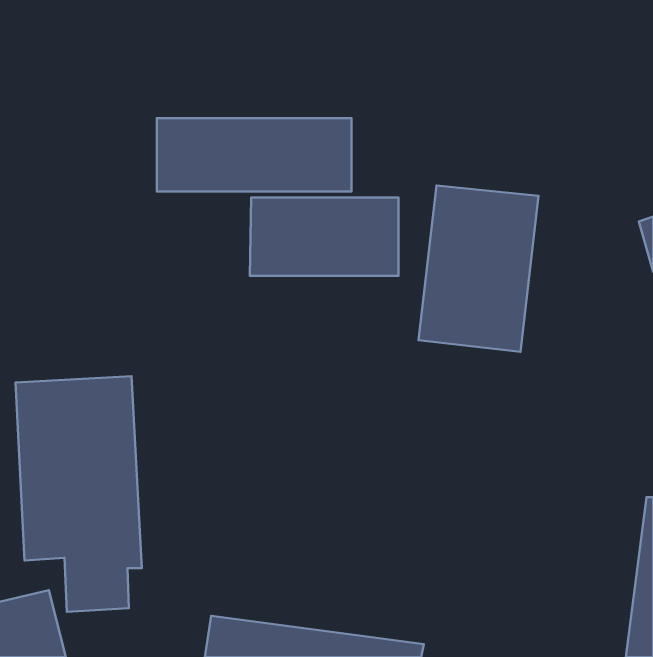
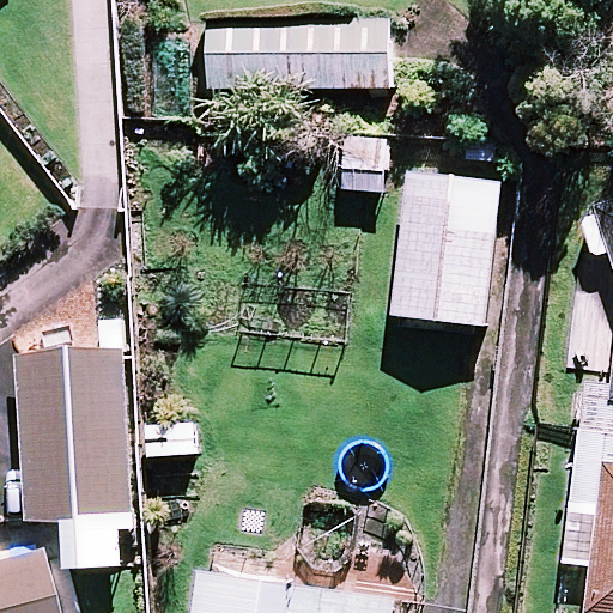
building: [157,118,351,192] -> [207,20,388,89]
building: [250,197,399,276] -> none

